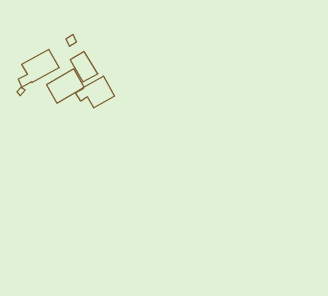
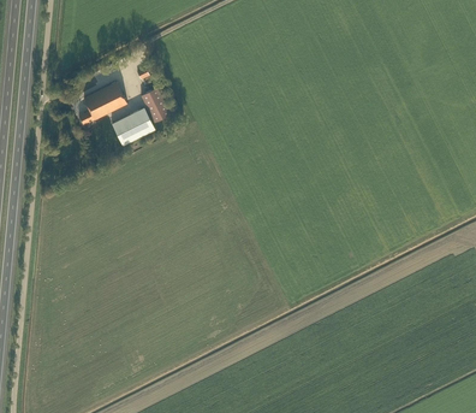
building: [76,76,115,108] -> none

